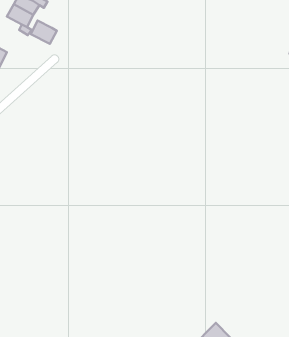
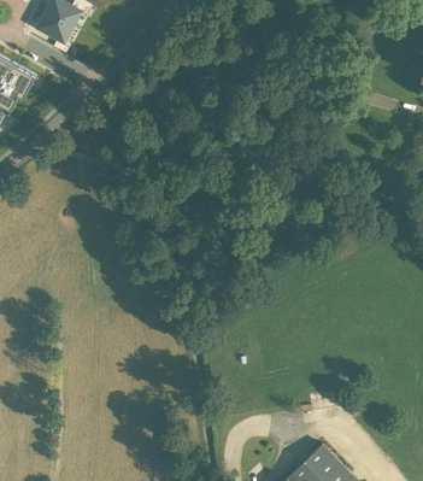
building: [31,20,57,44] -> none

